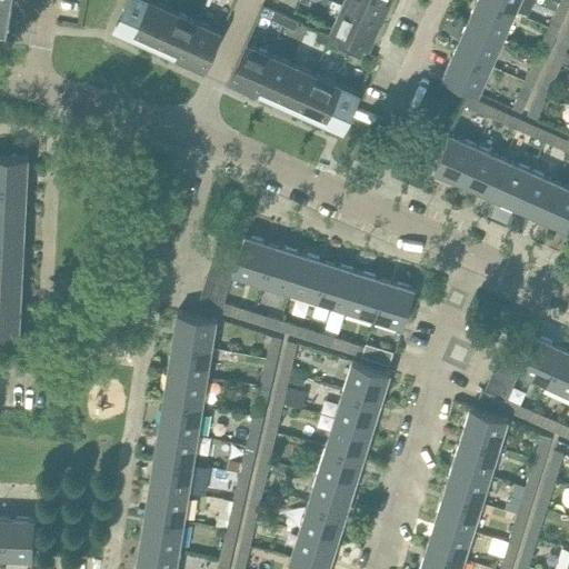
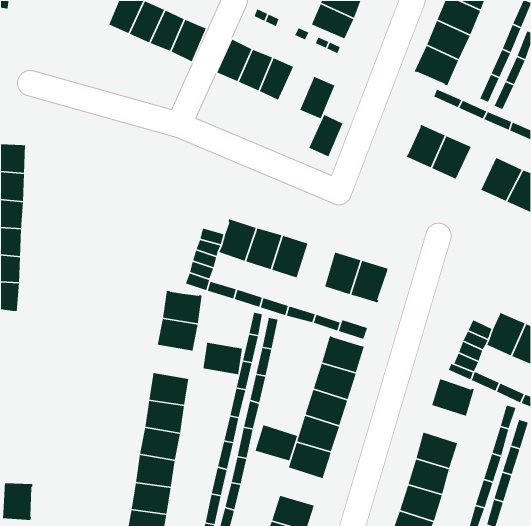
building: [298,77,336,123] -> [308,114,343,157]
building: [488,162,530,209] -> none
building: [318,266,358,312] -> none
building: [163,375,207,410] -> [202,342,243,375]
building: [452,439,499,479] -> none
building: [299,506,346,546] -> [254,424,298,461]

